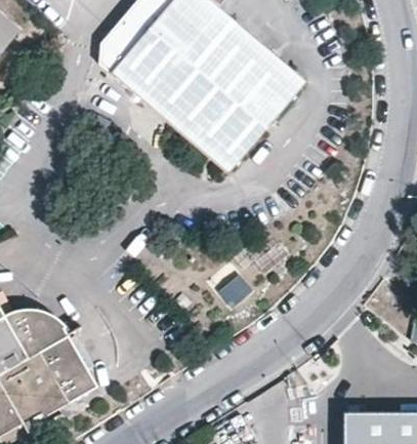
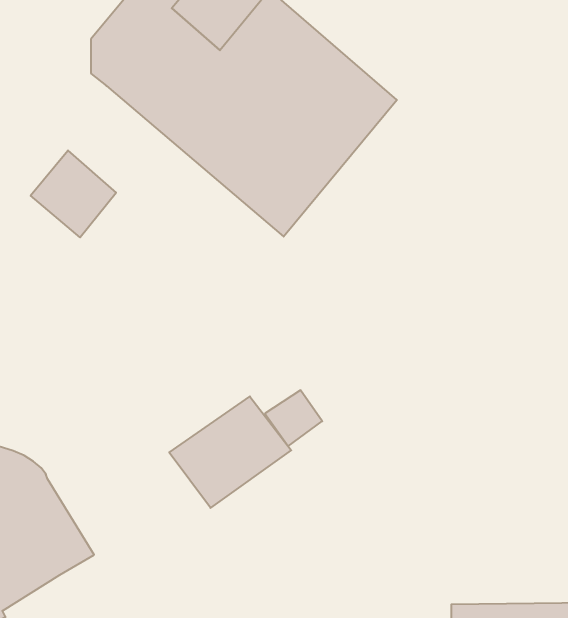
building: none -> [31,150,116,237]
building: none -> [169,396,291,508]

